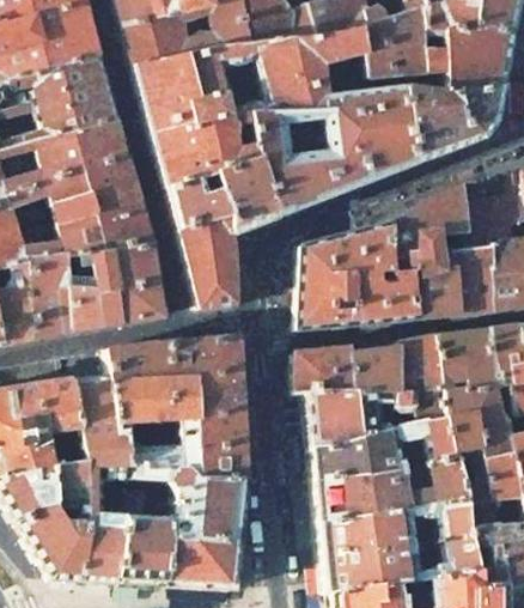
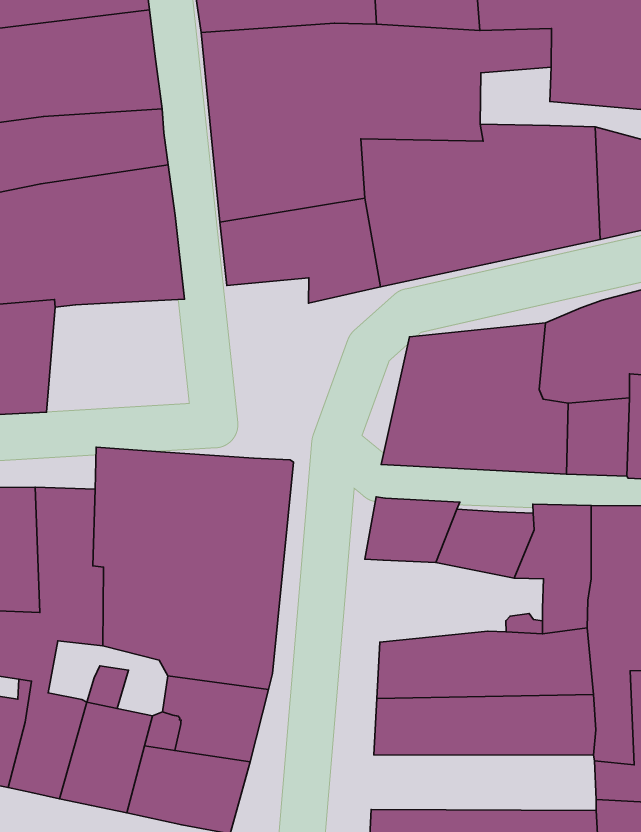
building: [178,214,237,308] -> none
building: [68,241,165,328] -> none
building: [307,388,416,445] -> none
building: [321,498,471,555] -> none

